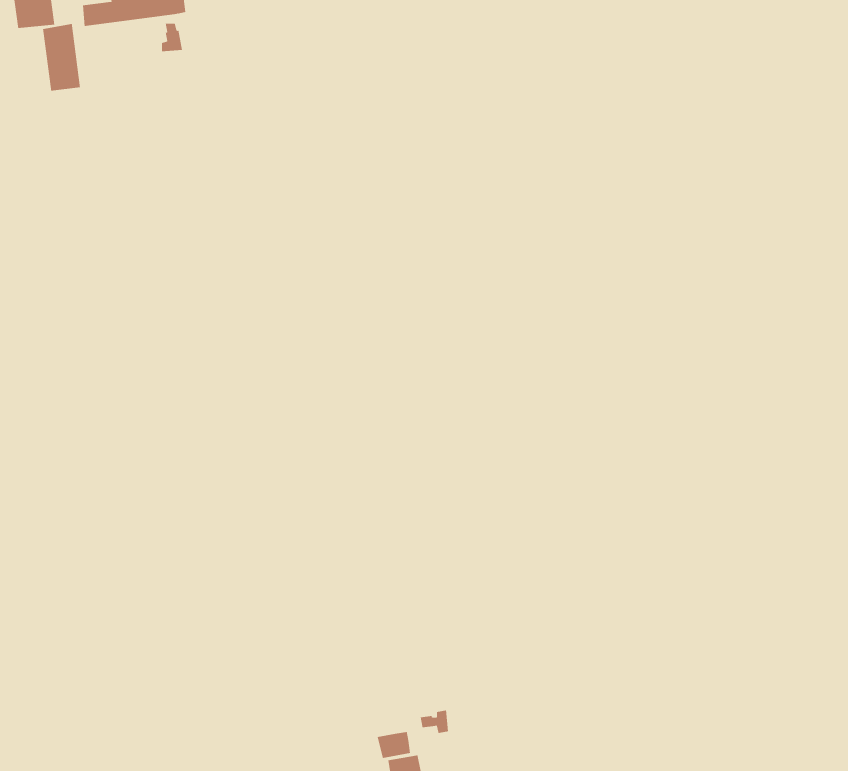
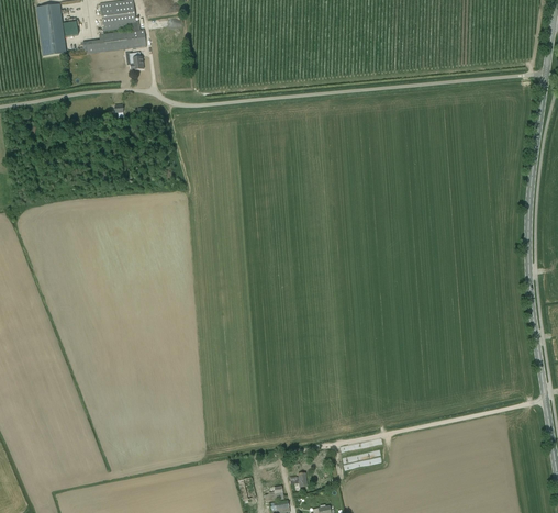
building: [42,23,81,91] -> none

